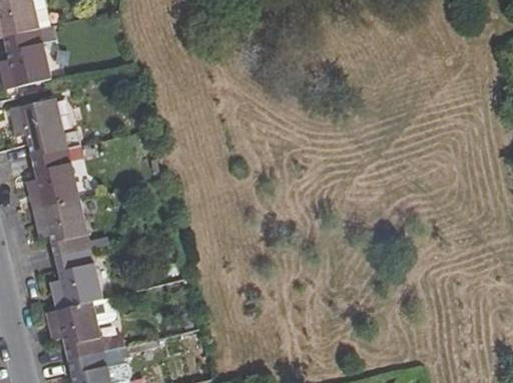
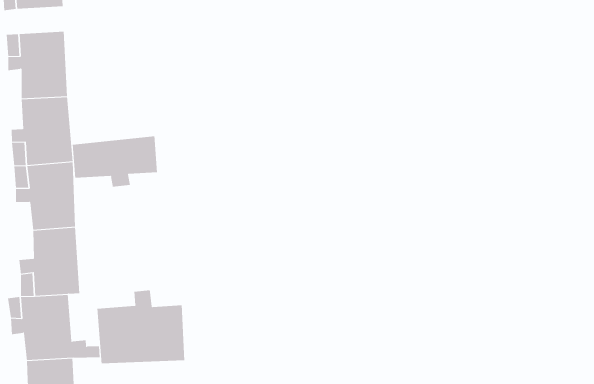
building: none -> [72,136,157,188]
building: none -> [97,290,185,364]

